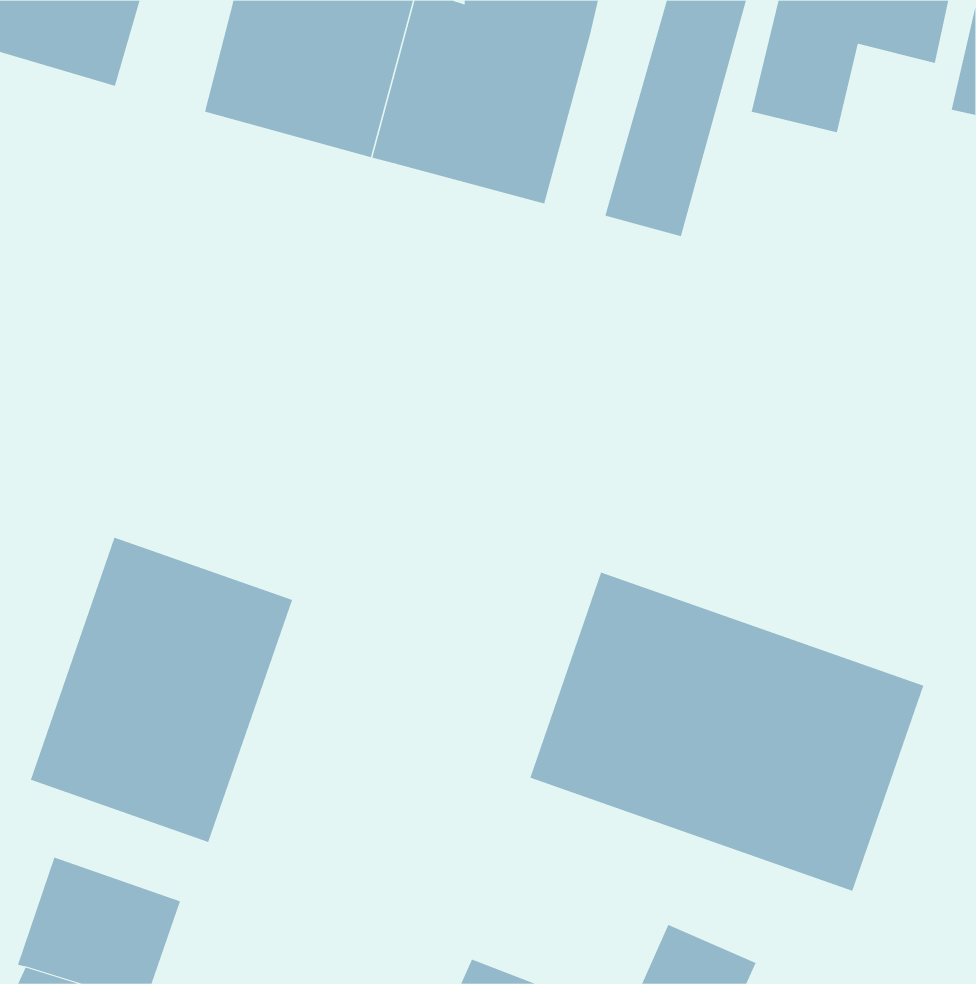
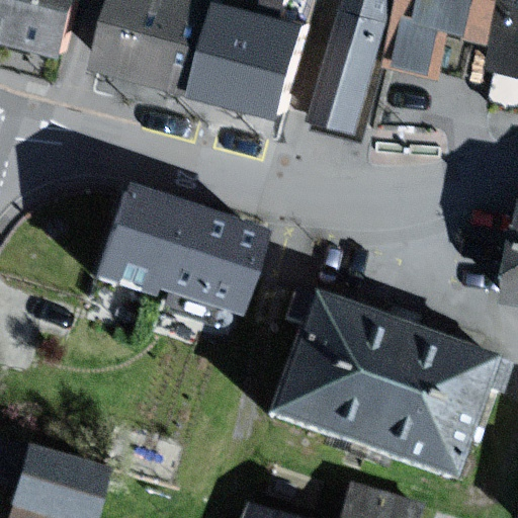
building: none -> [96,187,260,309]
building: [30,537,293,843] -> none

